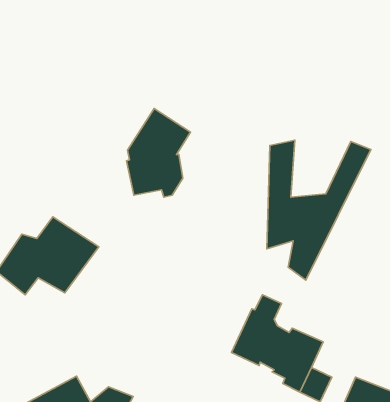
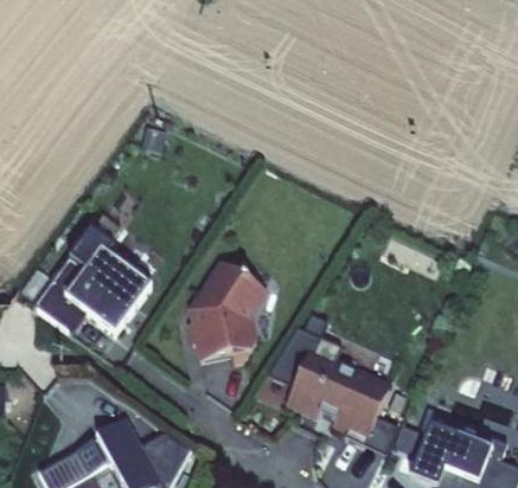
building: [126,109,190,197] -> [197,259,268,358]
building: [267,140,371,280] -> none

